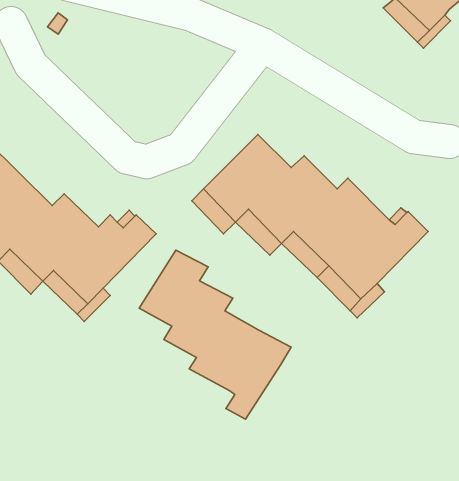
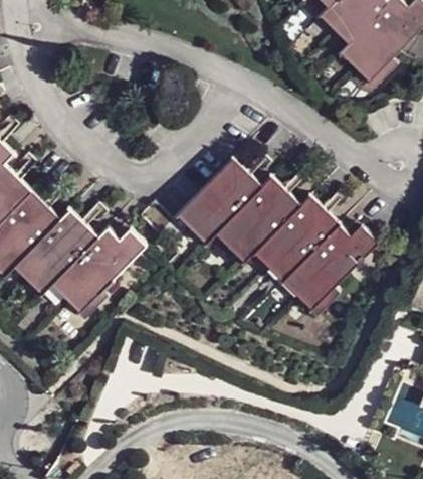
building: [139,250,291,419] -> none

